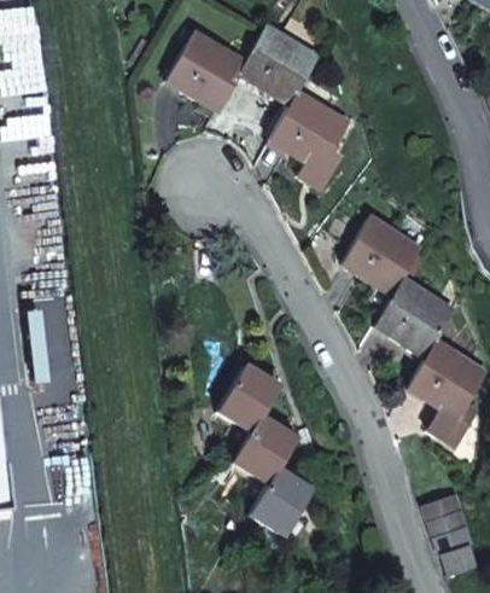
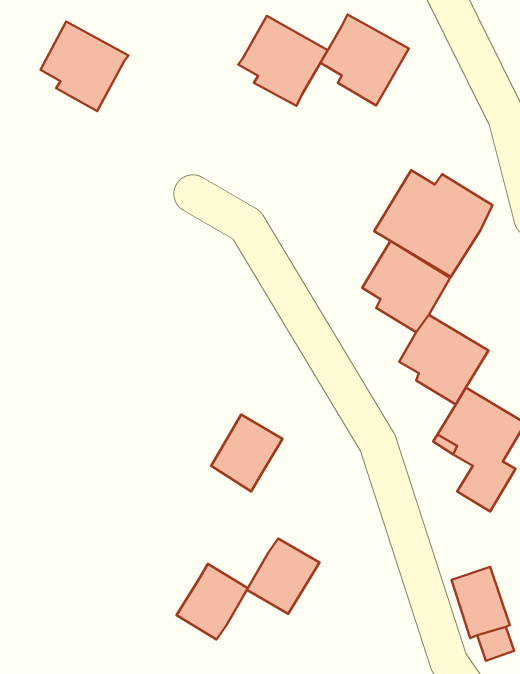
building: [170,34,245,110] -> [40,21,129,111]
building: [273,93,348,170] -> [321,14,409,105]
building: none -> [374,170,493,277]
building: [233,418,293,482] -> [177,564,248,639]

